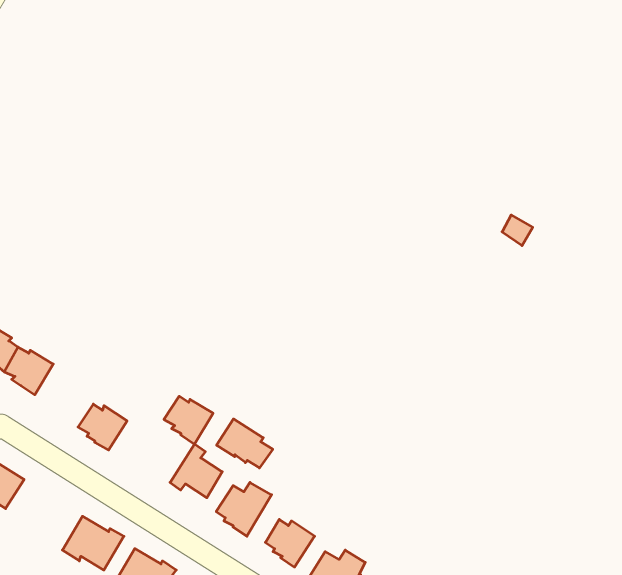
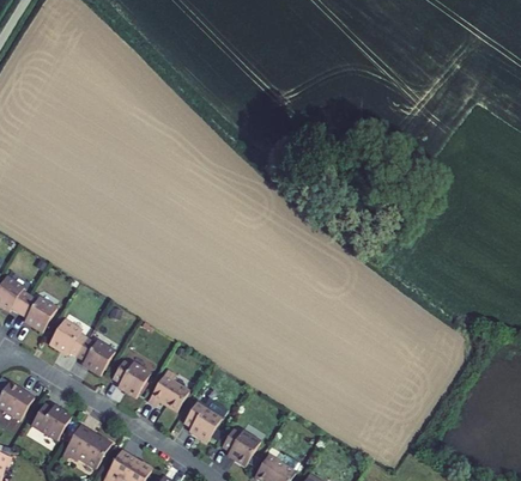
building: none -> [49,319,87,357]
building: [164,396,213,444] -> [111,360,150,397]
building: [217,419,273,468] -> none
building: none -> [31,403,71,440]

